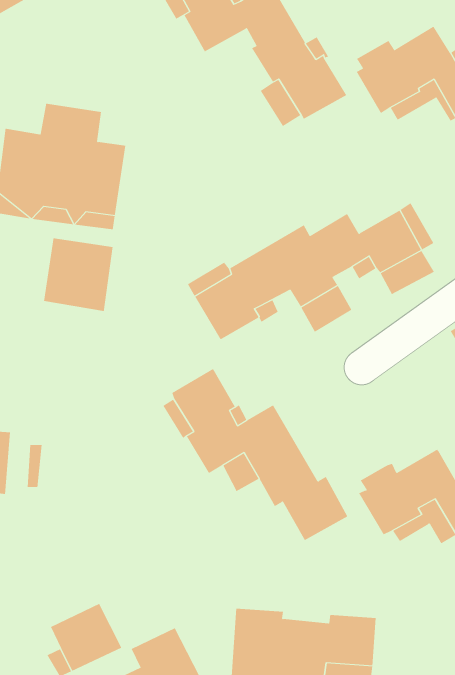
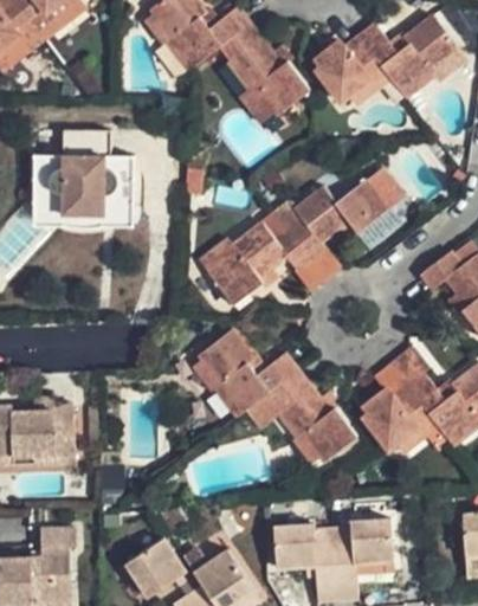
building: [44,238,113,312] -> none
building: none -> [373,346,429,395]

